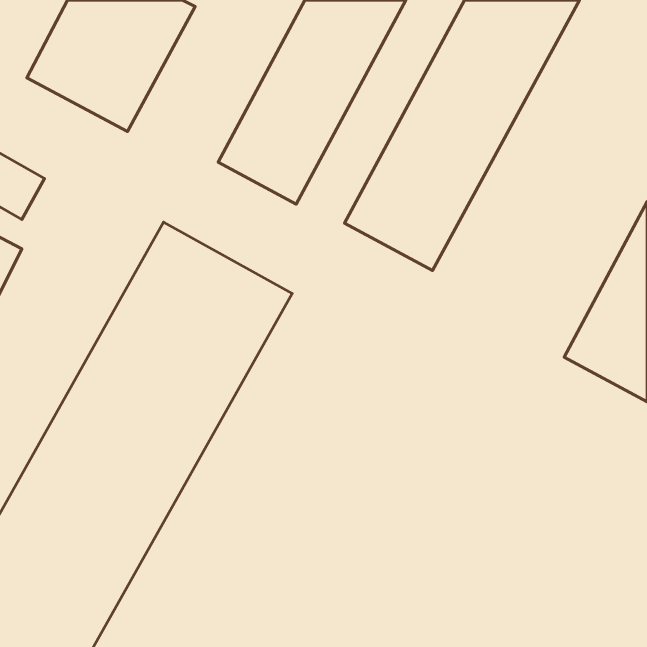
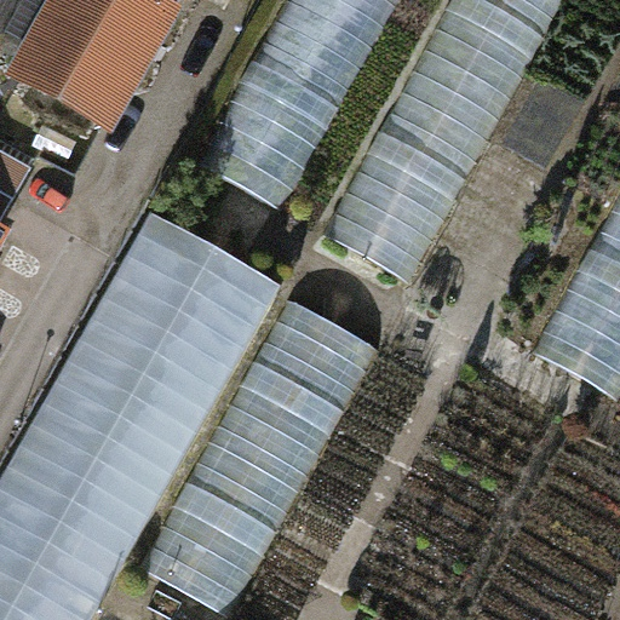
building: none -> [149,283,380,604]

